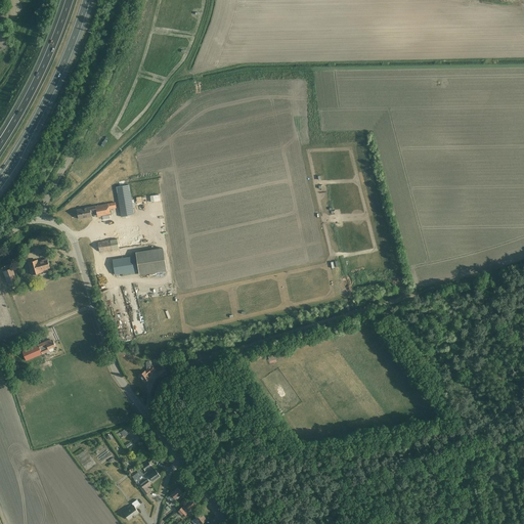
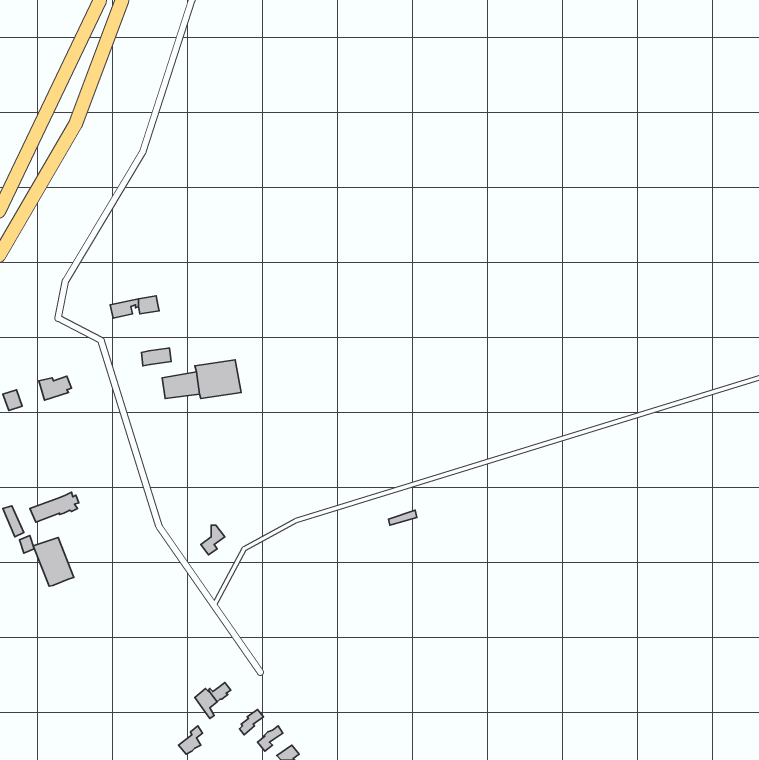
building: [115,184,134,217] -> none
building: none -> [33,537,74,586]

